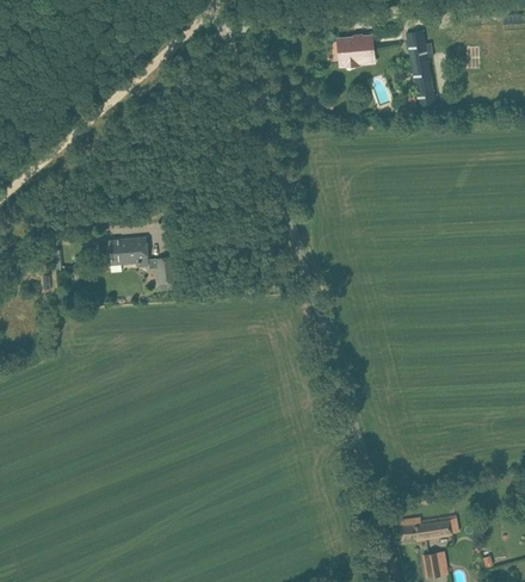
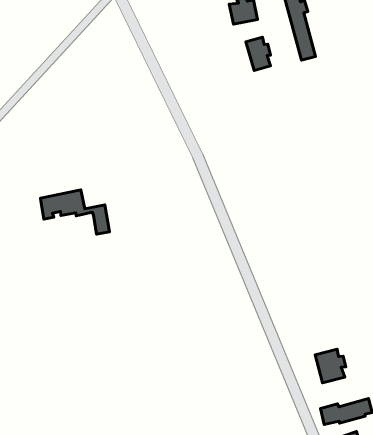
building: none -> [246,37,271,70]
building: none -> [315,349,346,383]

